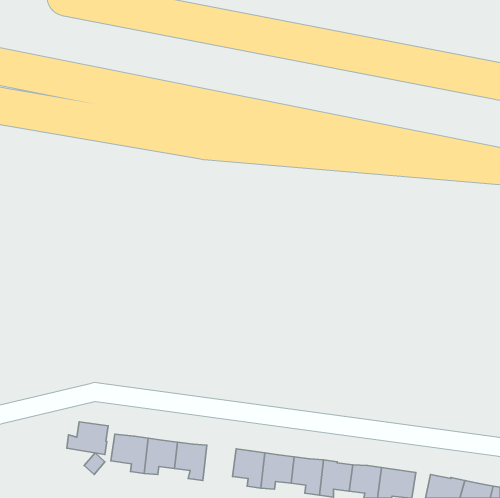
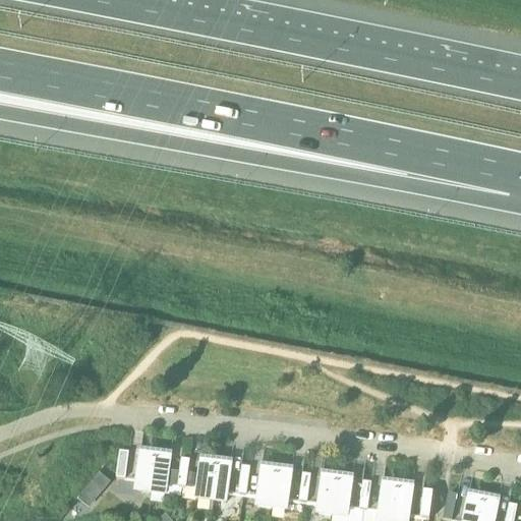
building: [67,422,108,455] -> none
building: none -> [211,462,245,501]

